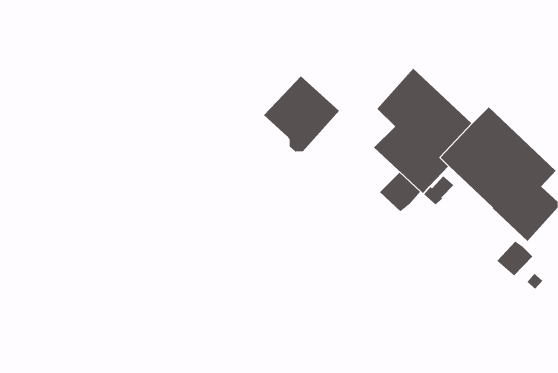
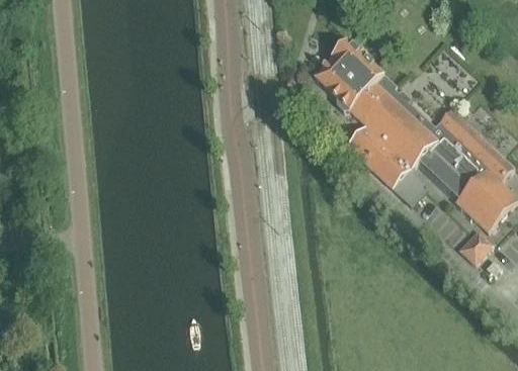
building: [263,75,340,153] -> [313,40,382,111]
building: [379,172,421,212] -> none

